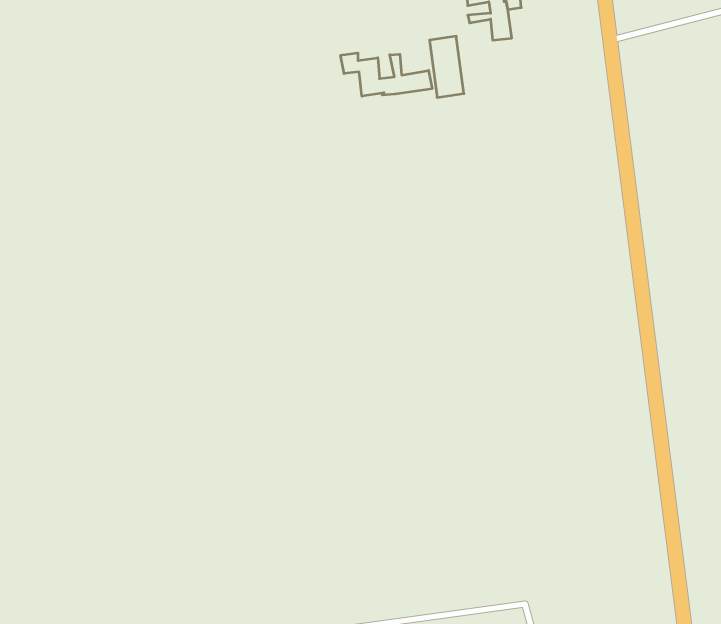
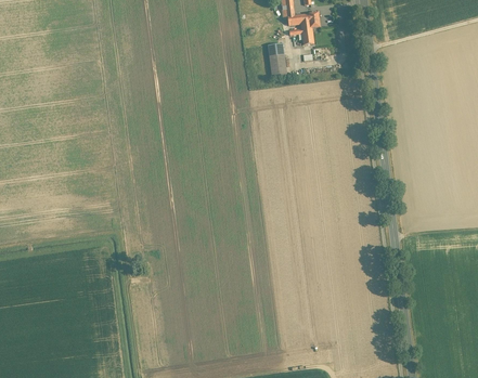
building: [341,53,432,96] -> none

